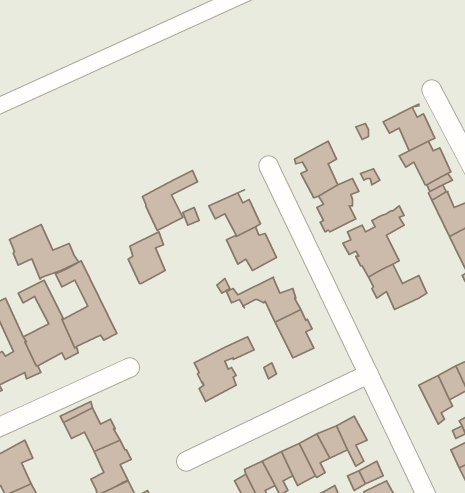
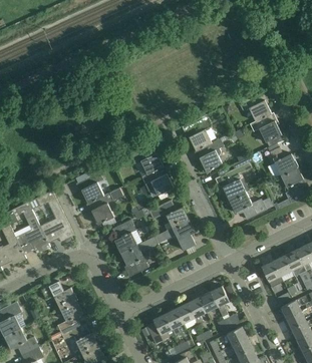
building: [142,171,197,230] -> [88,188,122,225]
building: [10,224,79,279] -> none
building: none -> [113,220,141,253]

